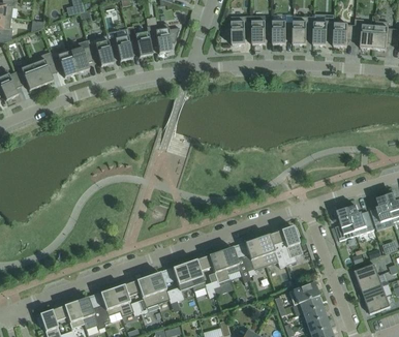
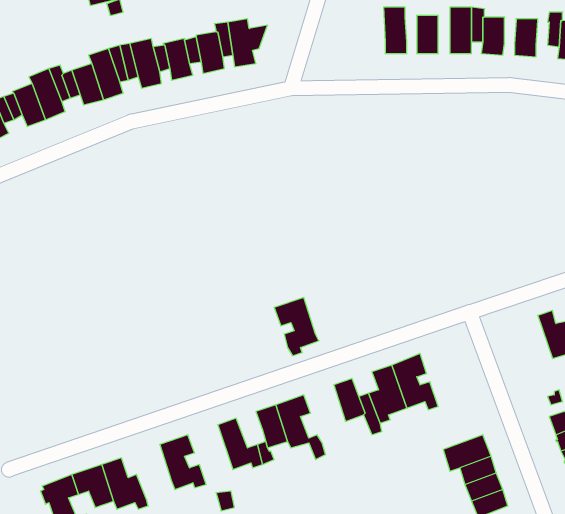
building: [223,14,245,43] -> none
building: [335,207,357,240] -> none
building: [274,224,302,264] -> none
building: [202,250,229,286] -> [274,298,319,356]
building: [129,275,157,312] -> none
building: [97,287,119,321] -> none

